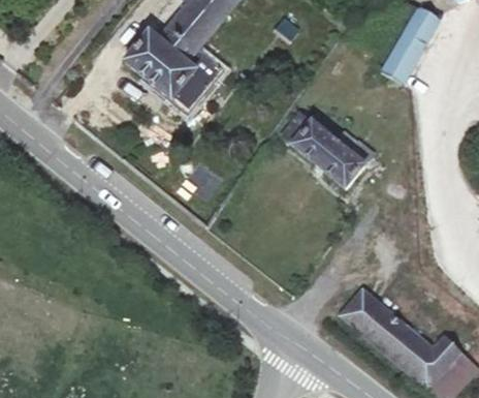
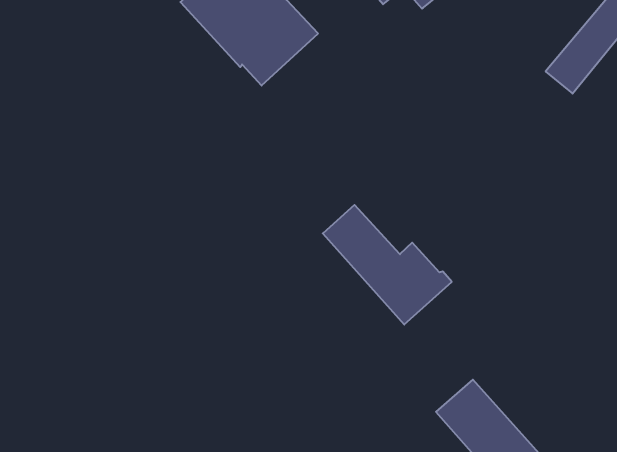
building: [281,112,374,188] -> [323,205,452,325]

